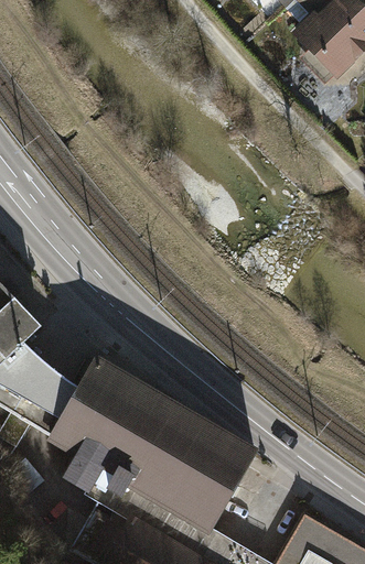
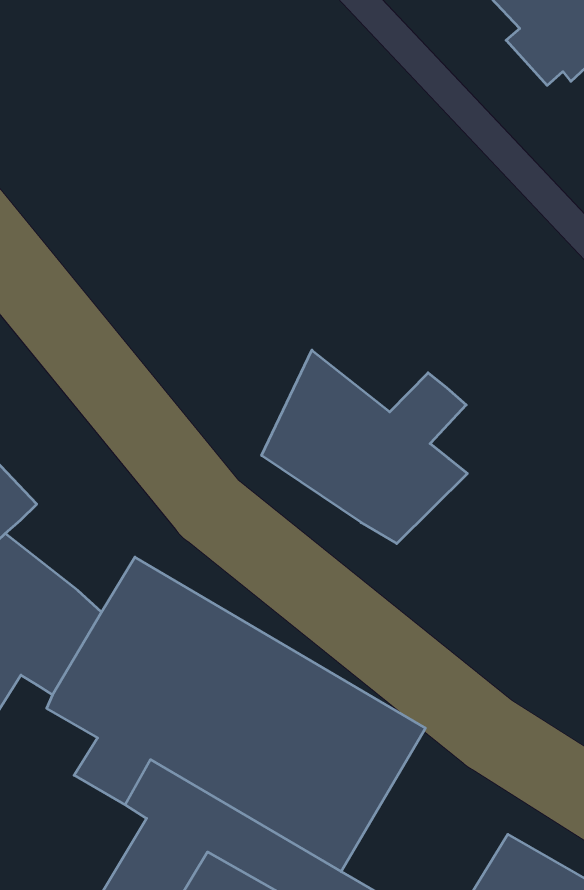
building: none -> [262,350,467,544]

